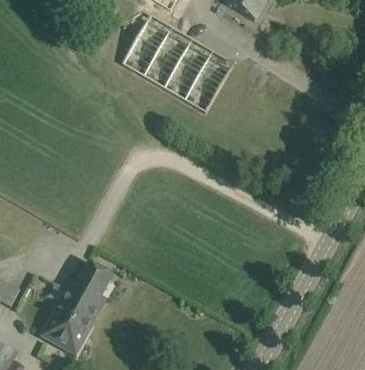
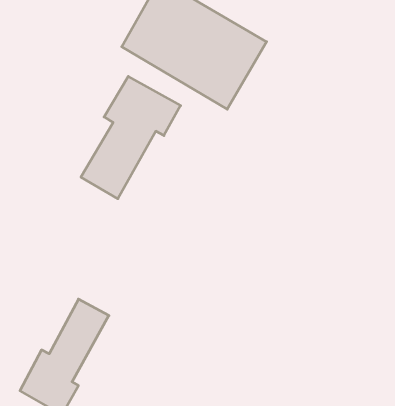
building: none -> [81,76,181,199]

